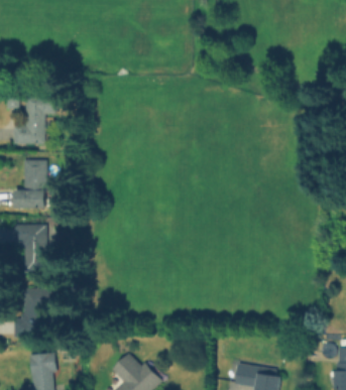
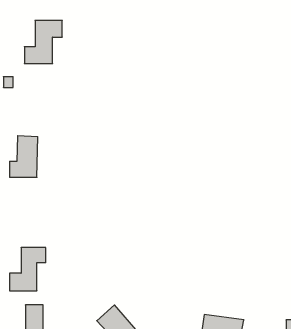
building: [13,95,56,144] -> [24,20,62,64]
building: [13,225,54,271] -> none

